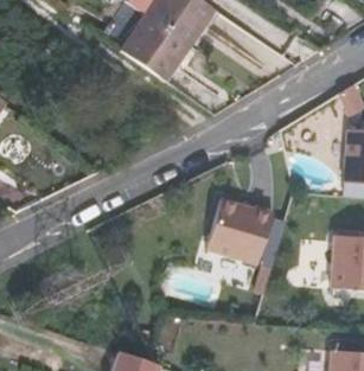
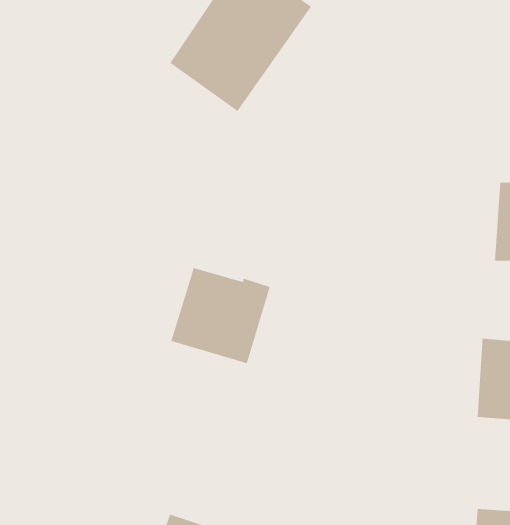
building: [205,199,273,264] -> [170,267,270,364]

